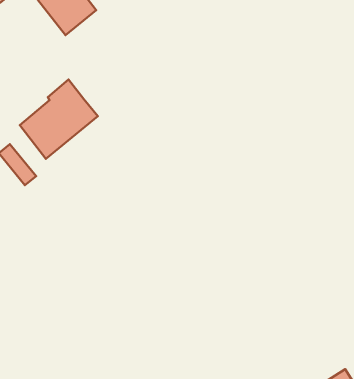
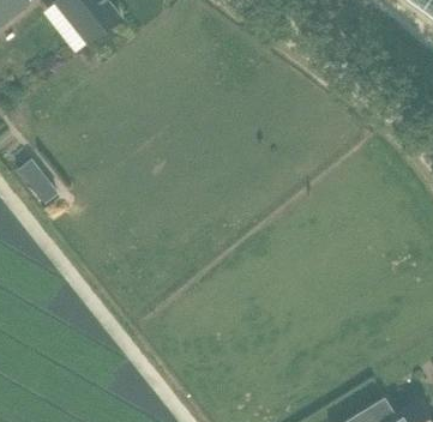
building: [20,79,98,159] -> none

